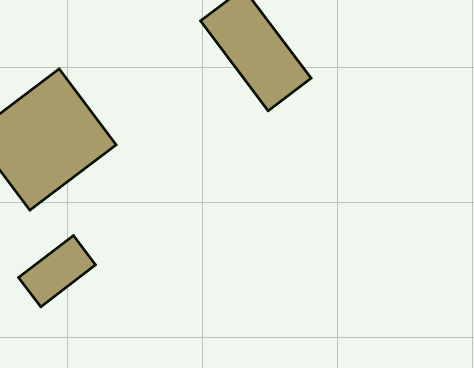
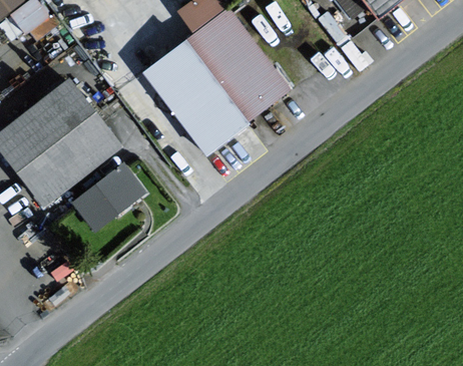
building: none -> [148,40,249,148]
building: [19,236,96,307] -> [75,165,141,227]

